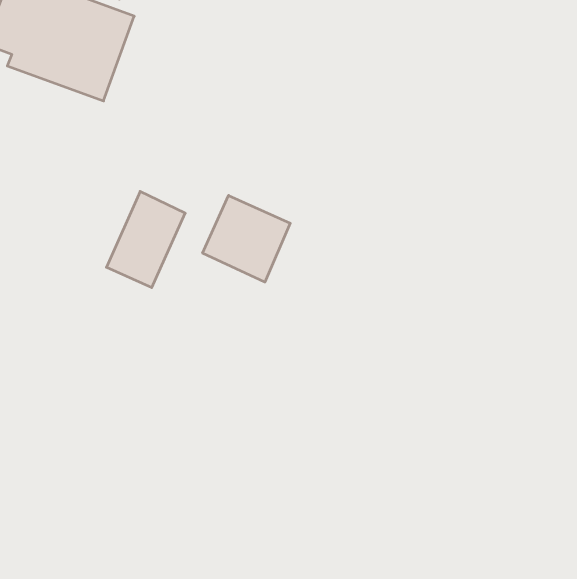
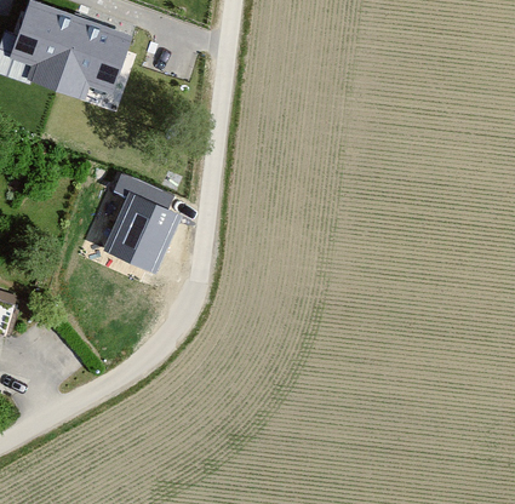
building: [203,195,290,282] -> none

